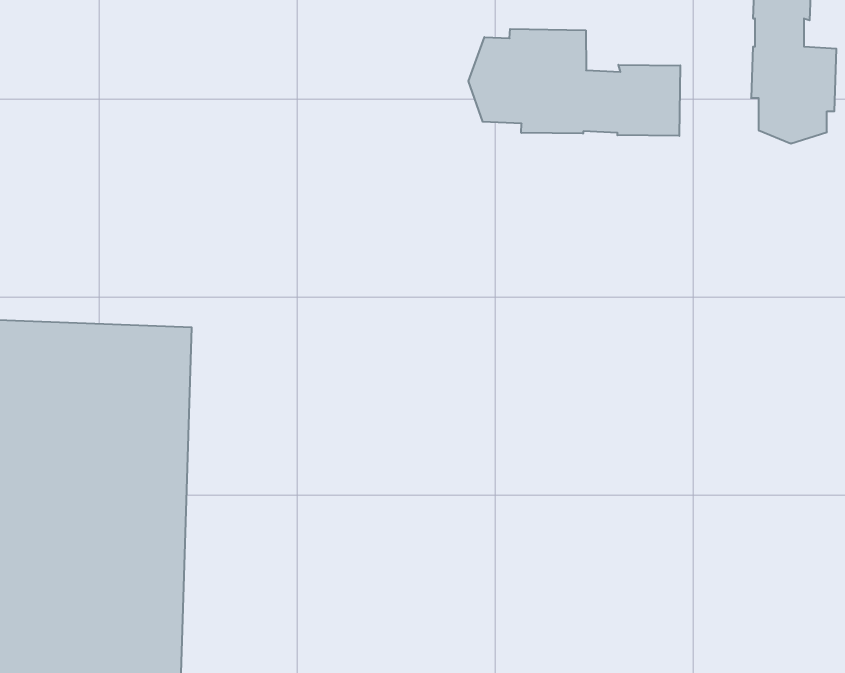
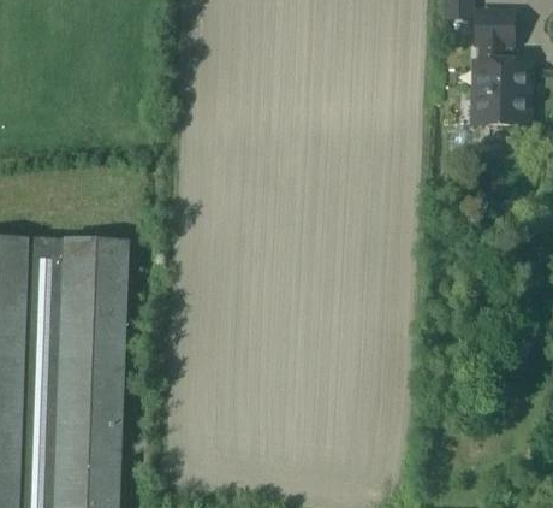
building: [469,29,680,136] -> none

